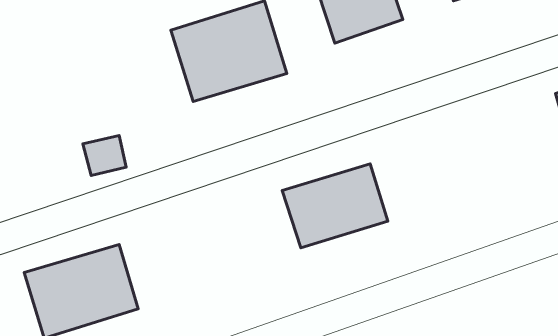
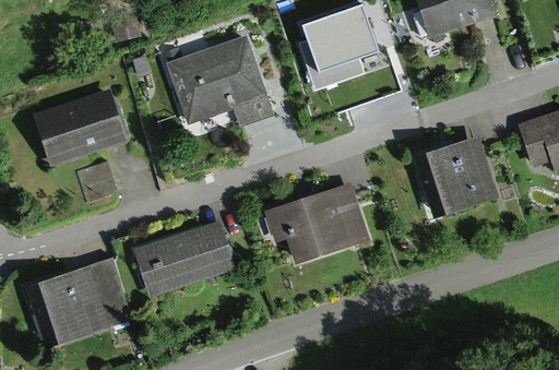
building: none -> [33,89,130,166]
building: none -> [412,138,493,216]
building: none -> [133,220,235,298]

